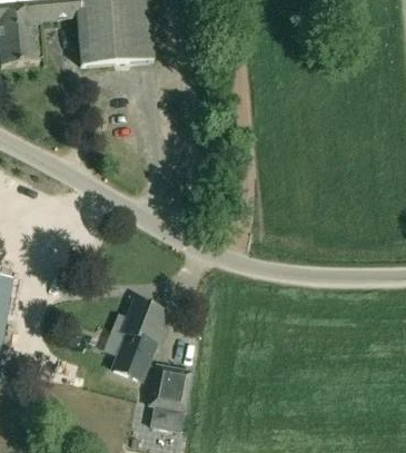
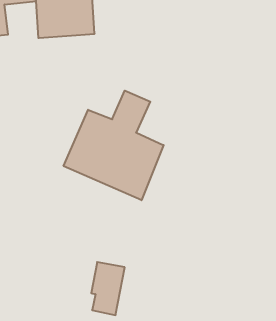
building: none -> [64,91,164,200]
building: [110,296,167,382] -> none

